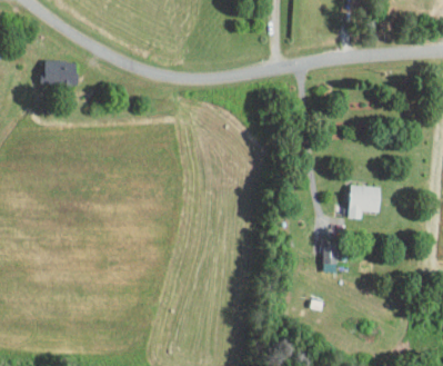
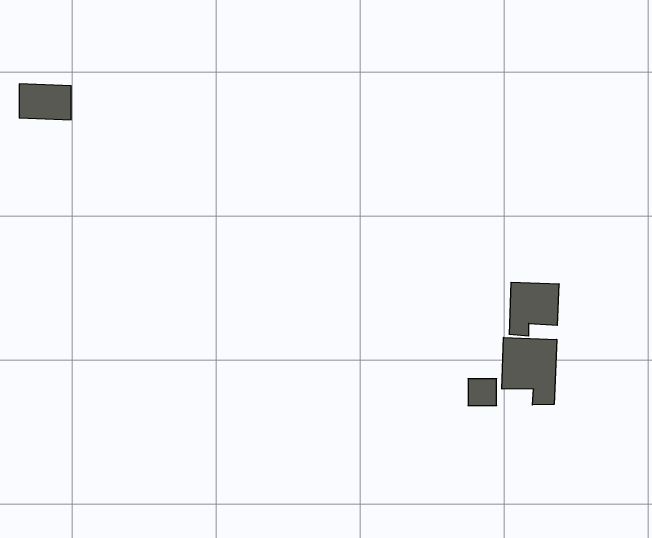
building: none -> [502,337,557,405]

